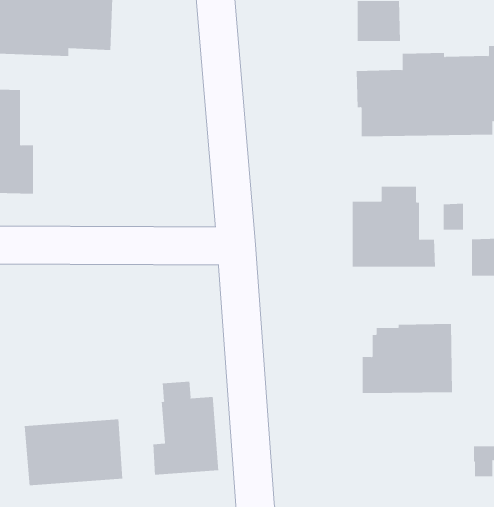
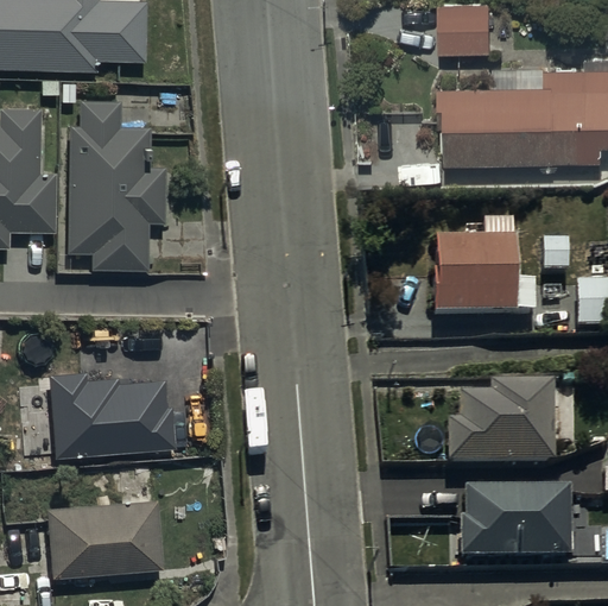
building: none -> [65,102,166,270]
building: none -> [28,372,175,467]
building: [153,381,219,475] -> none
building: none -> [457,492,570,563]

